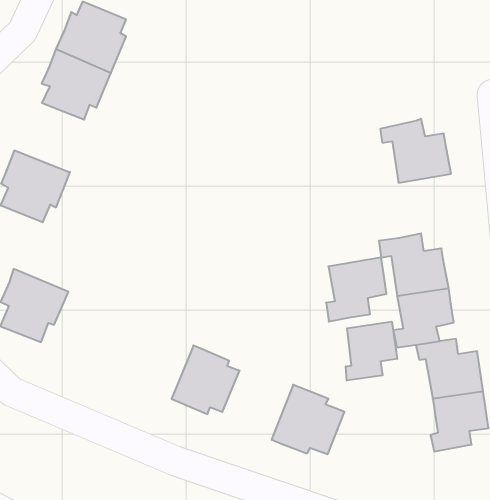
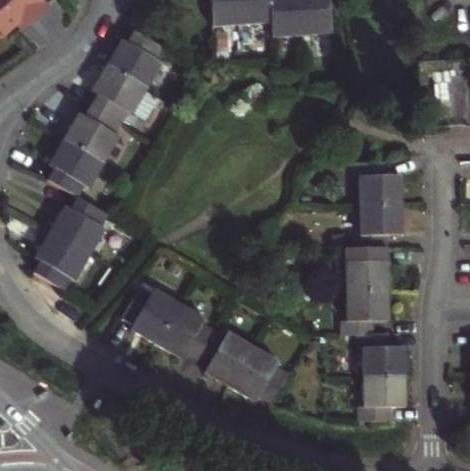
building: none -> [66,100,124,157]
building: none -> [52,193,110,250]
building: [326,257,386,322] -> [355,202,403,246]
building: [346,322,397,381] -> none
building: none -> [124,287,183,345]
building: none -> [198,331,256,388]

